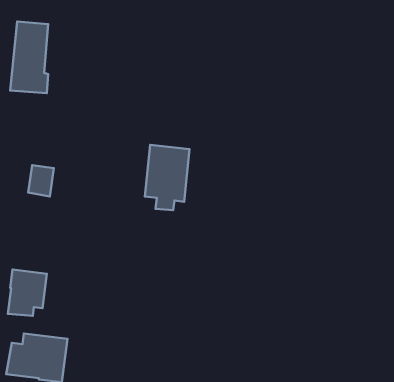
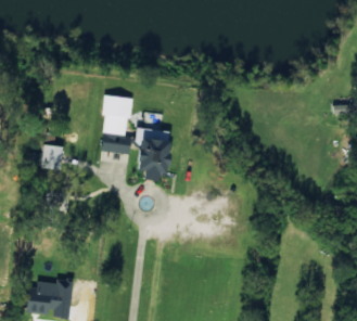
building: [10,21,48,93] -> [100,95,130,153]
building: [8,270,47,316] -> none

